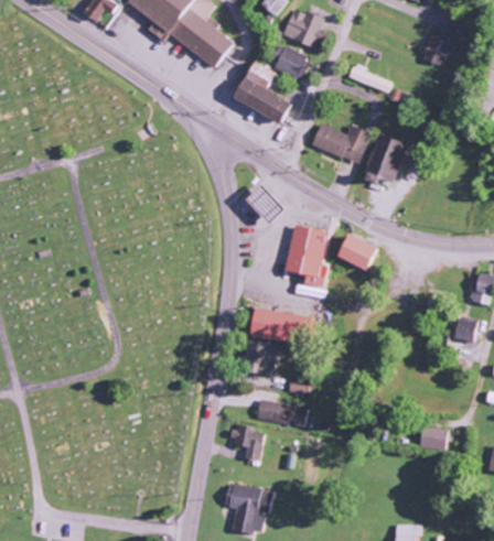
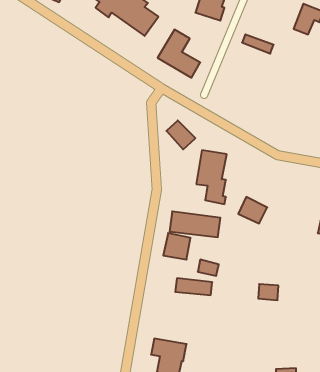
building: [271,43,312,79] -> none
building: [312,123,368,161] -> none
building: [363,133,405,183] -> none
building: [335,232,375,269] -> [238,197,267,223]
building: [232,426,264,461] -> none
building: [419,426,447,448] -> [258,284,278,300]

